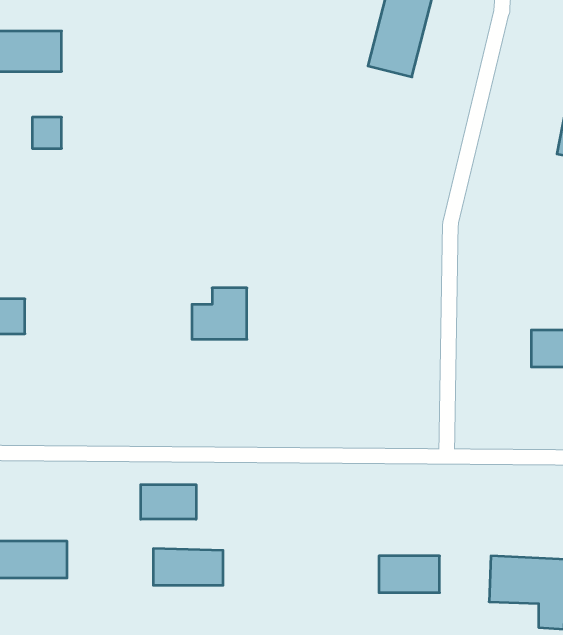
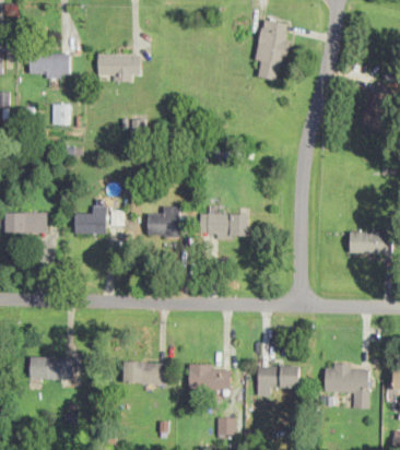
building: none -> [97,55,140,81]
building: none -> [74,213,105,234]
building: none -> [200,213,249,239]
building: [141,485,196,519] -> none
building: none -> [189,366,230,390]

